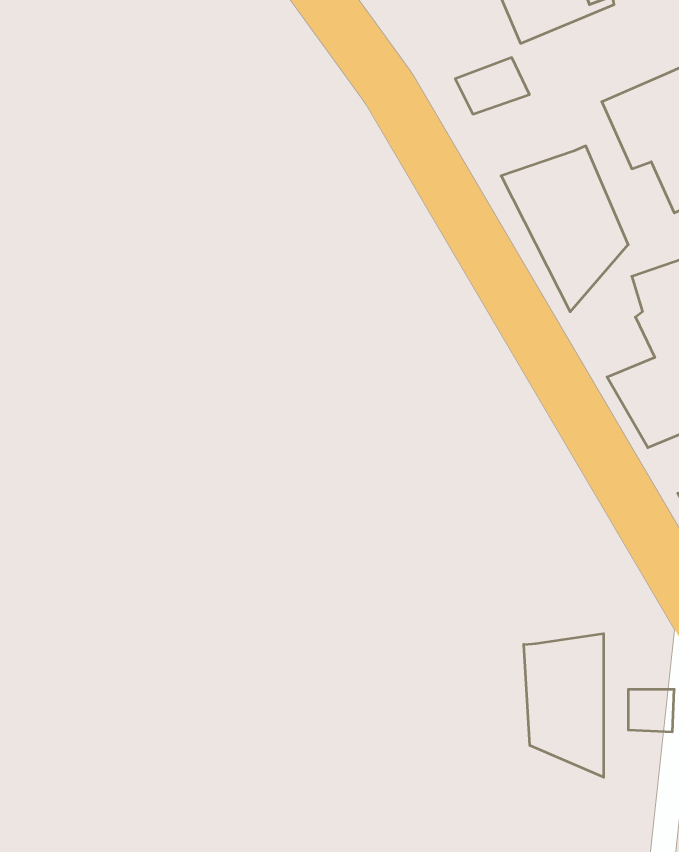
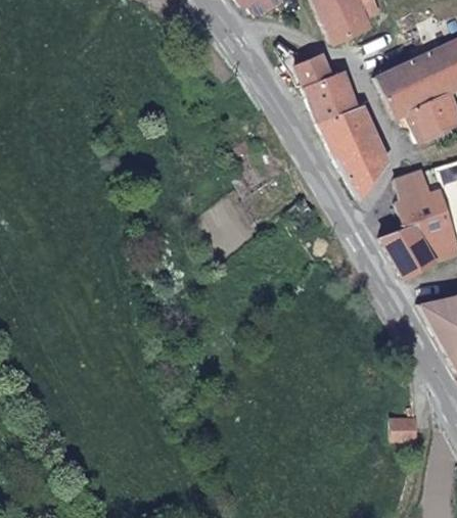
building: none -> [301,66,359,120]
building: [524,634,604,777] -> none

